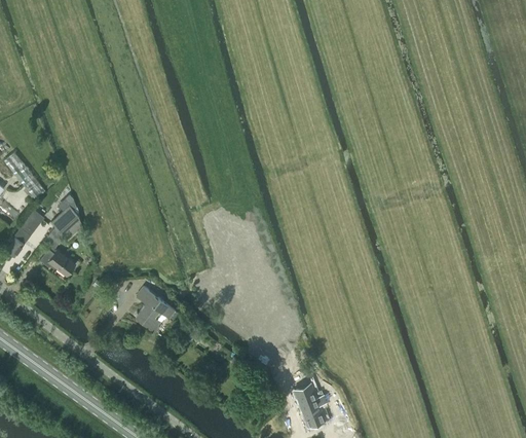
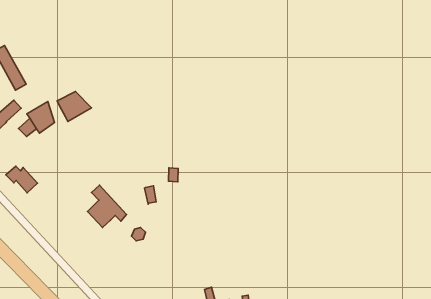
building: none -> [57,92,91,122]
building: [40,249,76,276] -> [6,166,37,193]

